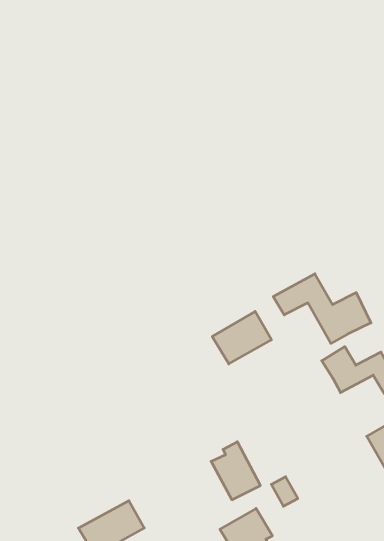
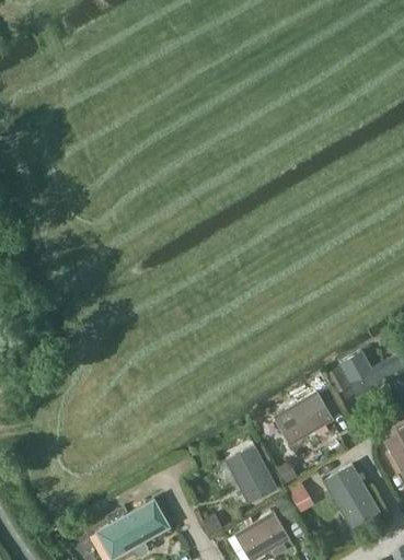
building: [273,274,371,343] -> none
building: [212,311,271,364] -> [274,392,333,444]
building: none -> [324,465,379,527]

